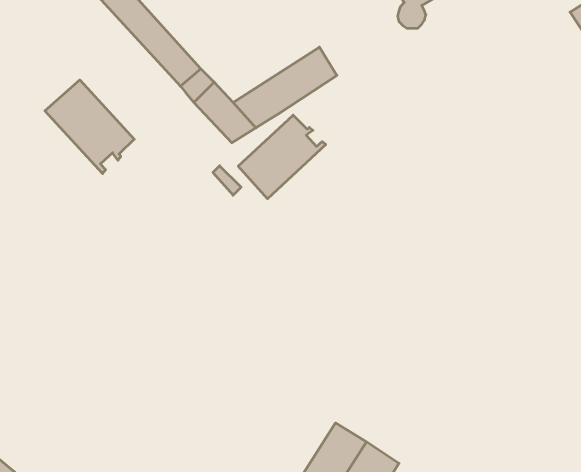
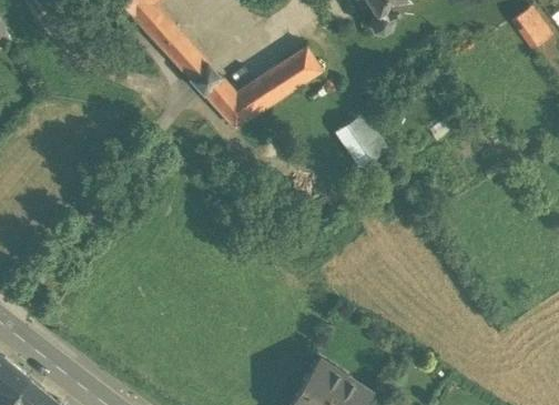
building: [45,80,134,174] -> none
building: [238,115,326,199] -> none
building: none -> [336,115,385,166]

